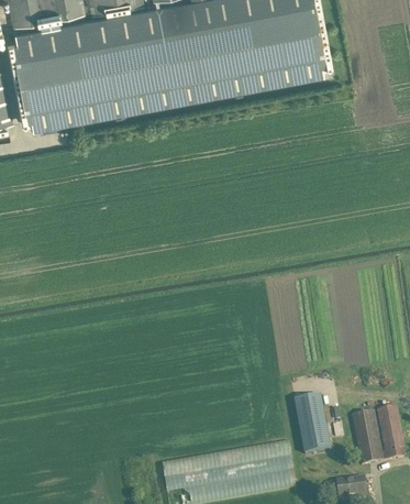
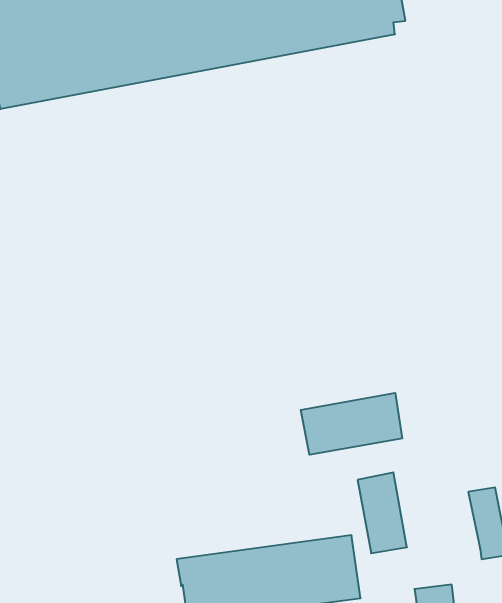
building: none -> [301,393,402,455]
building: [353,412,387,465] -> none

